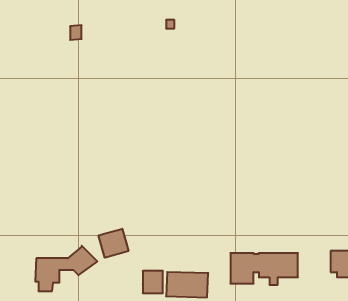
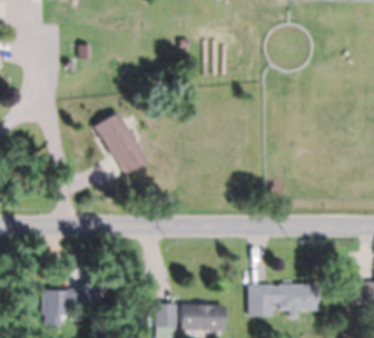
building: none -> [95,112,148,173]
building: [99,229,128,258] -> none

